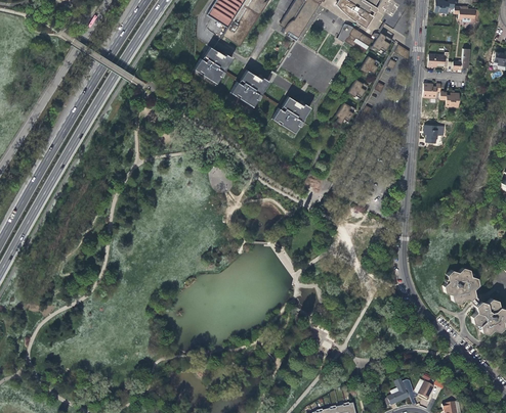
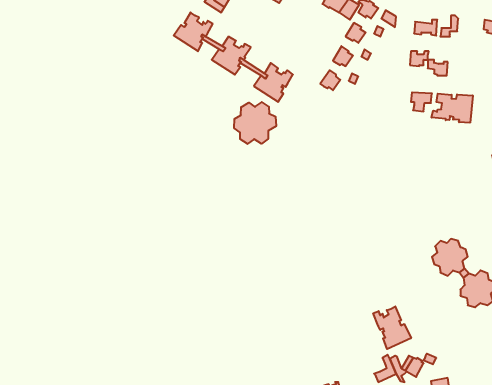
building: none -> [432,94,473,123]
building: none -> [234,102,276,144]
building: none -> [373,306,411,349]

